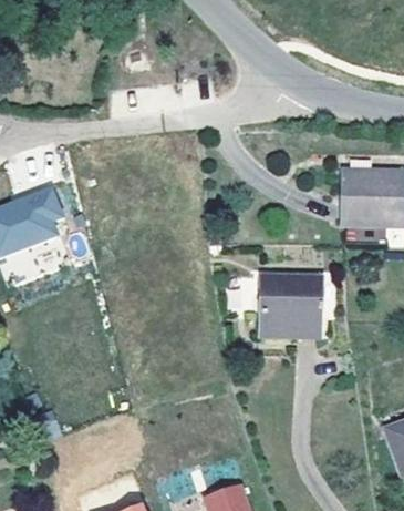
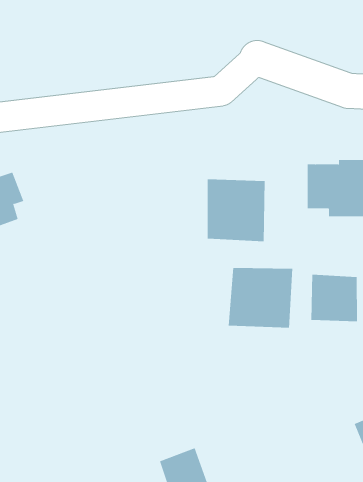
building: none -> [207,179,265,242]
building: none -> [311,274,357,322]

